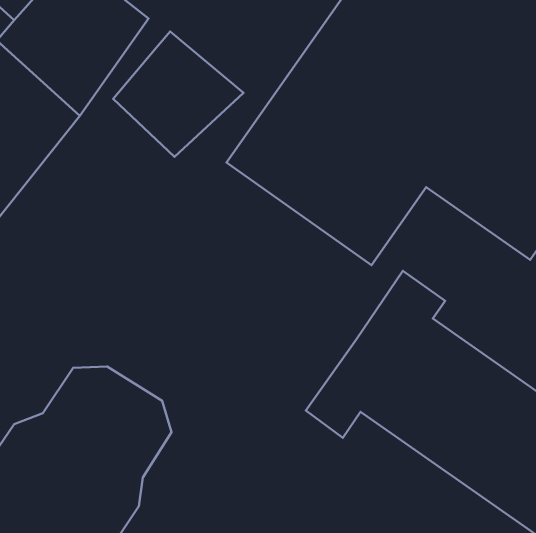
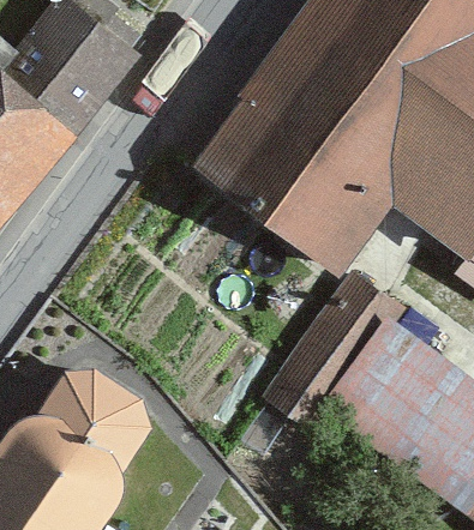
building: [113,31,244,157] -> none

